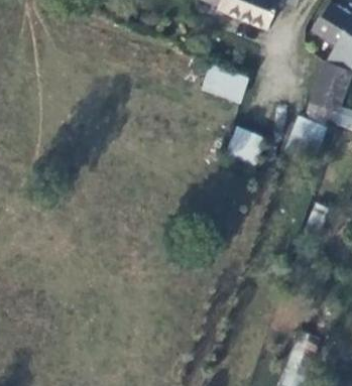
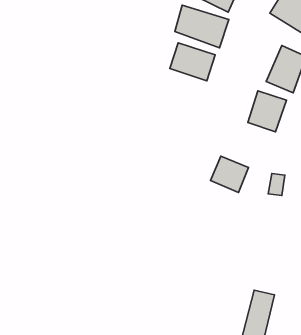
building: none -> [175,5,229,48]
building: [227,125,268,164] -> [211,156,249,192]

